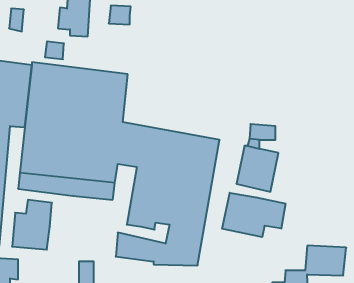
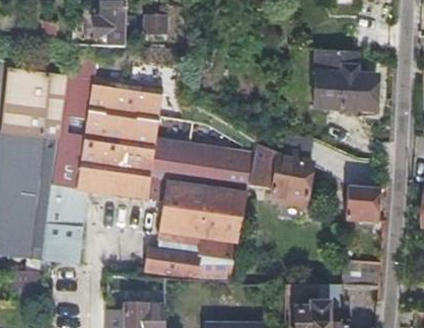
building: none -> [314,51,376,113]
building: none -> [346,185,378,223]
building: [222,193,285,237] -> none

